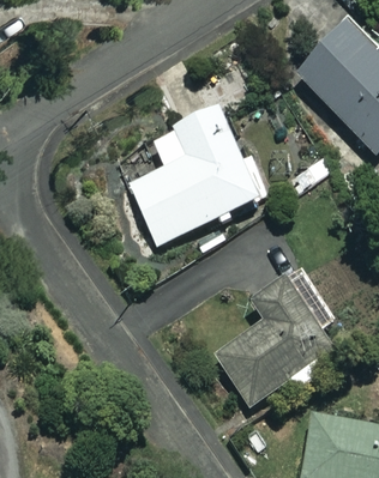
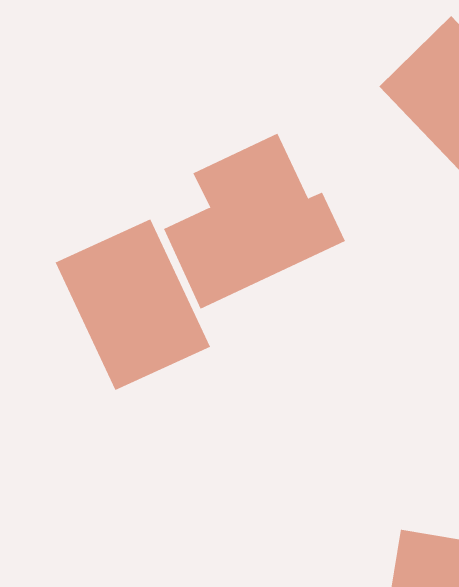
building: none -> [55,218,211,391]
building: [216,246,330,404] -> none

